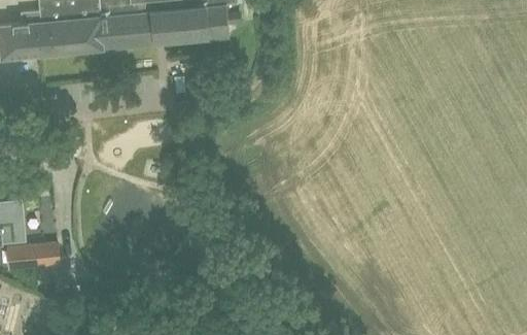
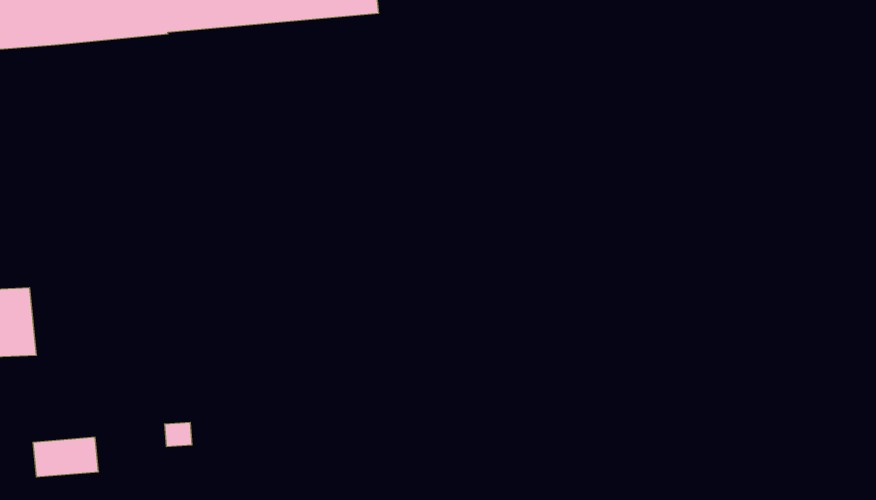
building: [20,243,59,267] -> [33,437,99,477]

